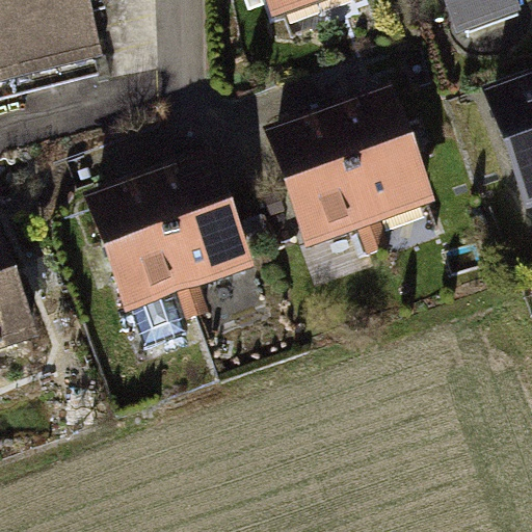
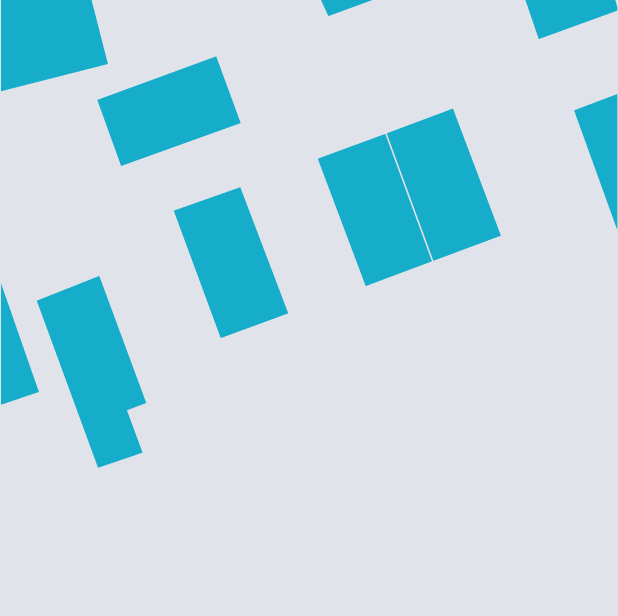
building: none -> [97,55,241,167]
building: [94,181,189,347] -> [36,275,147,469]

